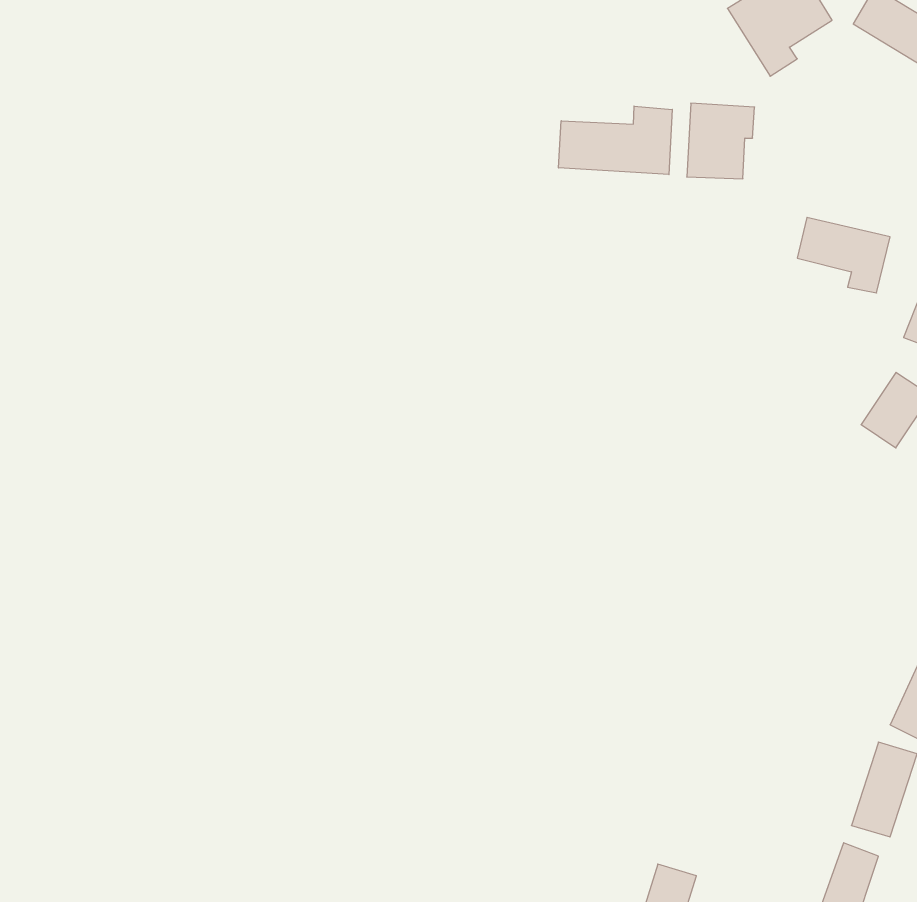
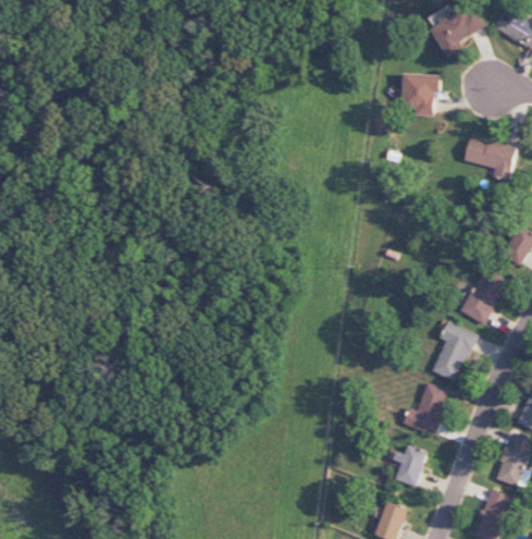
building: [559,106,672,175] -> none
building: none -> [460,269,506,323]
building: none -> [431,321,475,381]
building: none -> [403,382,449,436]
building: none -> [387,444,426,487]

